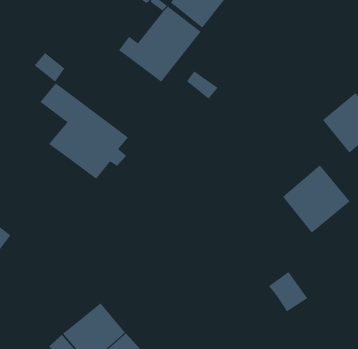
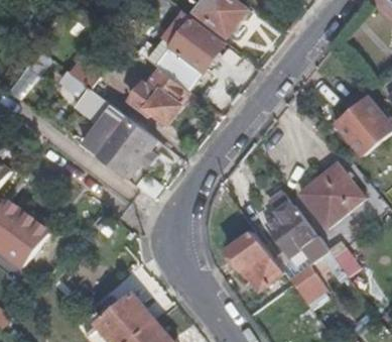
building: none -> [123,64,187,122]
building: none -> [263,192,340,272]
building: none -> [228,230,282,289]

